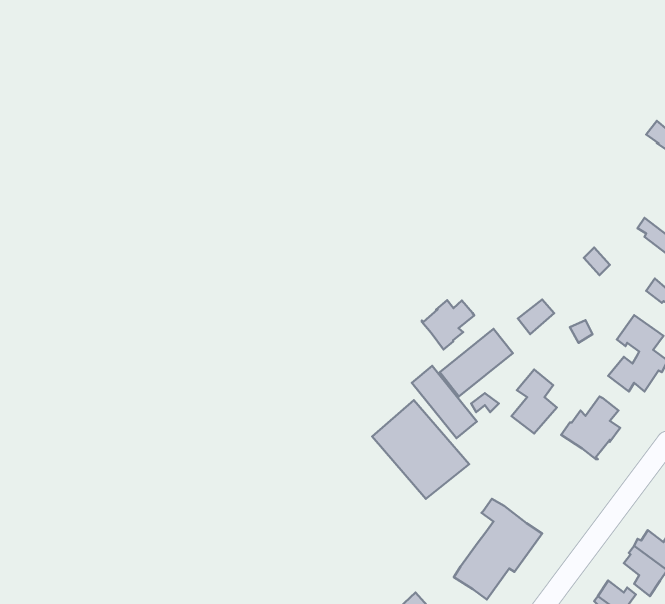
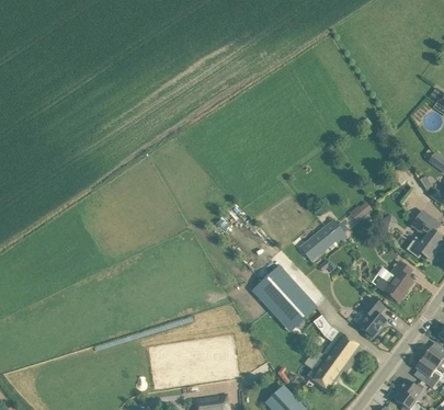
building: [422,300,474,349] -> none
building: [412,366,477,438] -> none
building: [512,369,557,434] -> [357,297,386,338]

